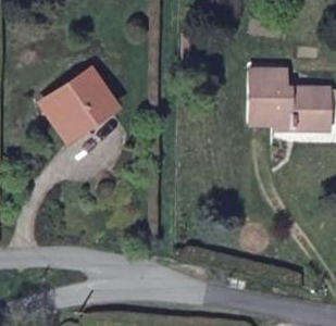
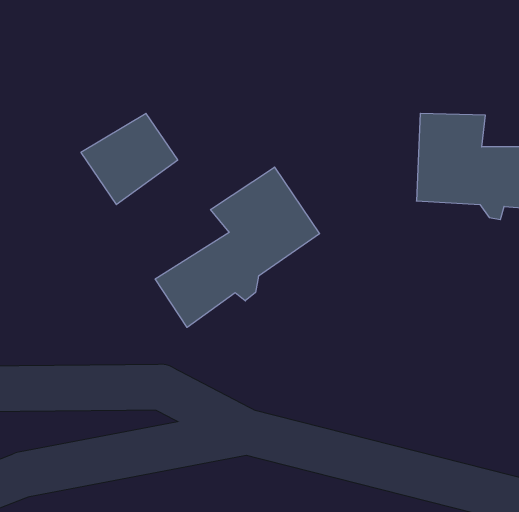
building: none -> [155,167,320,327]

